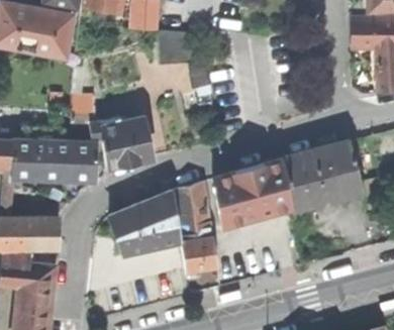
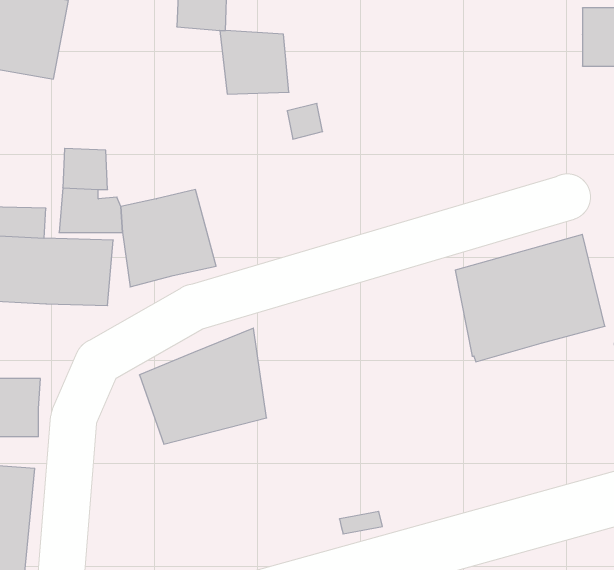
building: [215,158,292,224] -> none
building: [176,182,219,278] -> none

